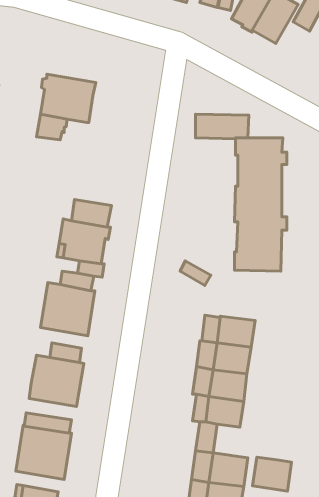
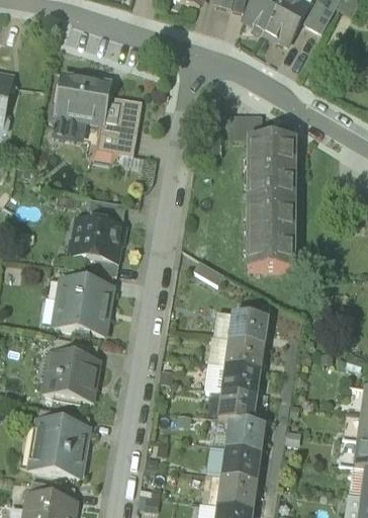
building: none -> [98,96,143,156]
building: [253,457,292,491] -> [226,420,265,453]

